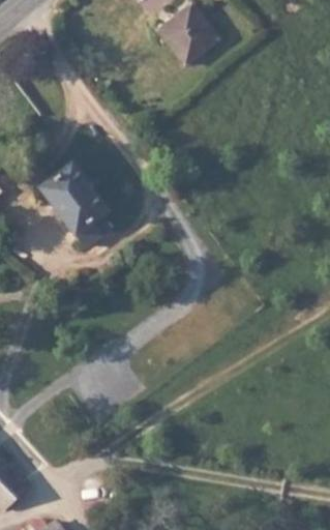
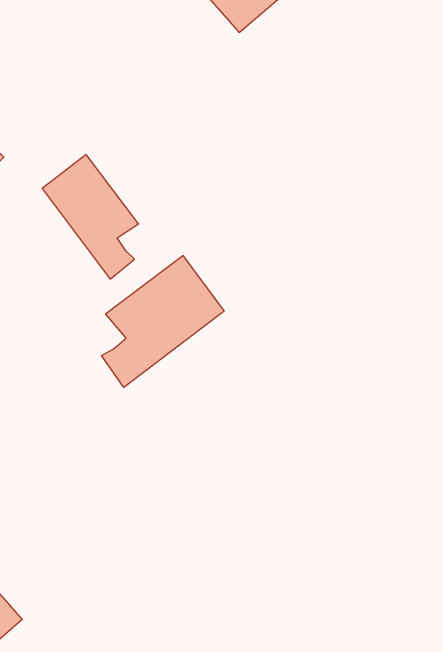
building: none -> [101,255,224,387]

